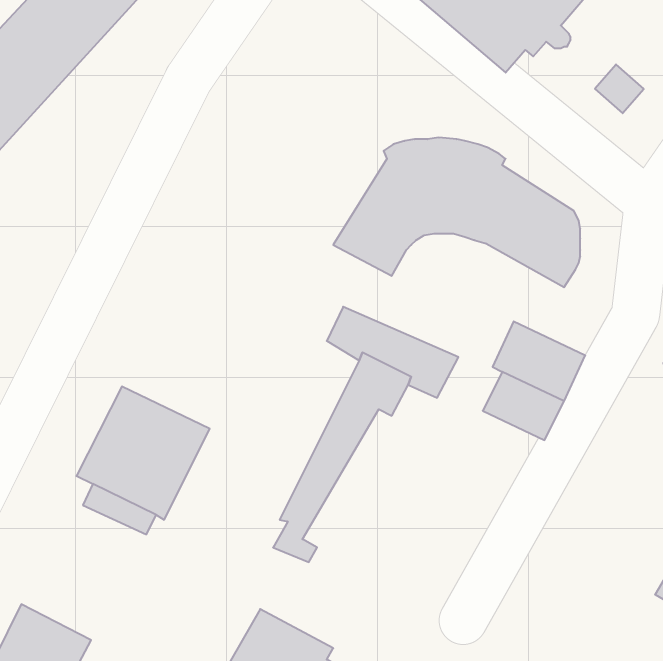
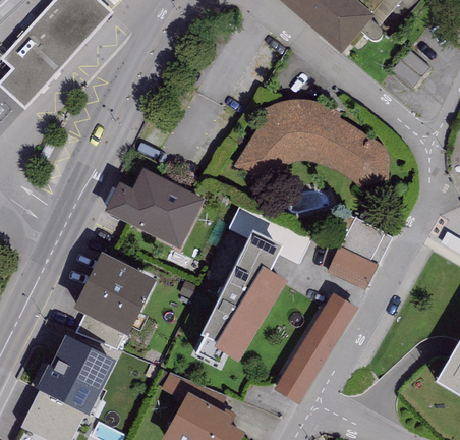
building: none -> [104,168,205,250]
building: none -> [214,268,286,364]
building: none -> [273,290,357,403]
building: none -> [36,335,116,417]

